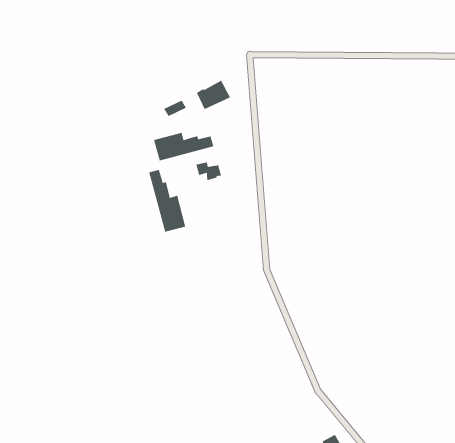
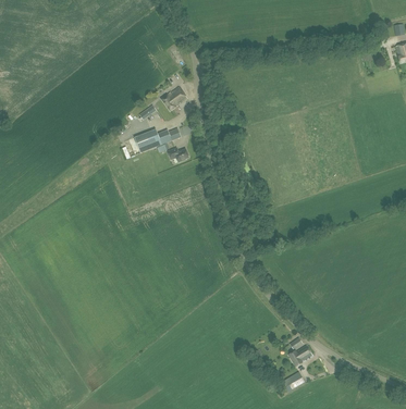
building: [149,169,186,233] -> none

